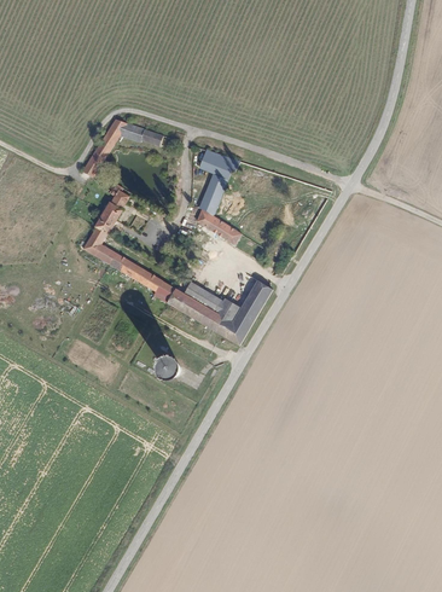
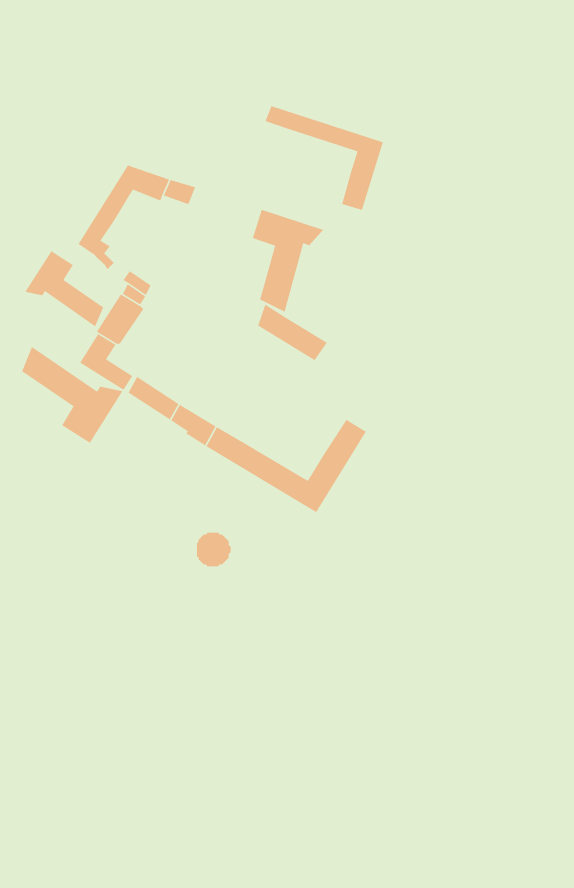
building: none -> [265,105,384,211]
building: none -> [24,250,104,328]
building: none -> [21,346,124,444]
building: [186,282,240,323] -> none

